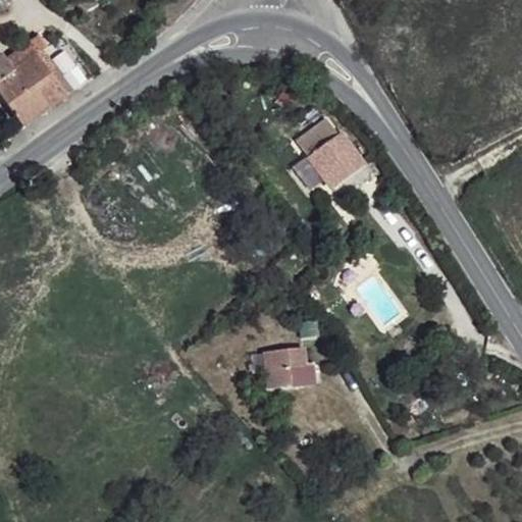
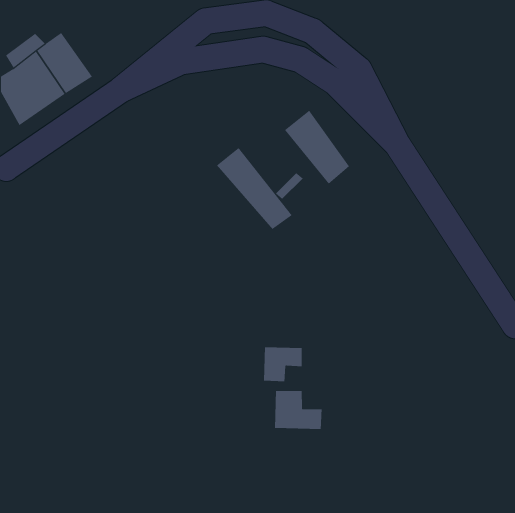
building: none -> [216,147,292,230]
building: none -> [274,390,322,430]

